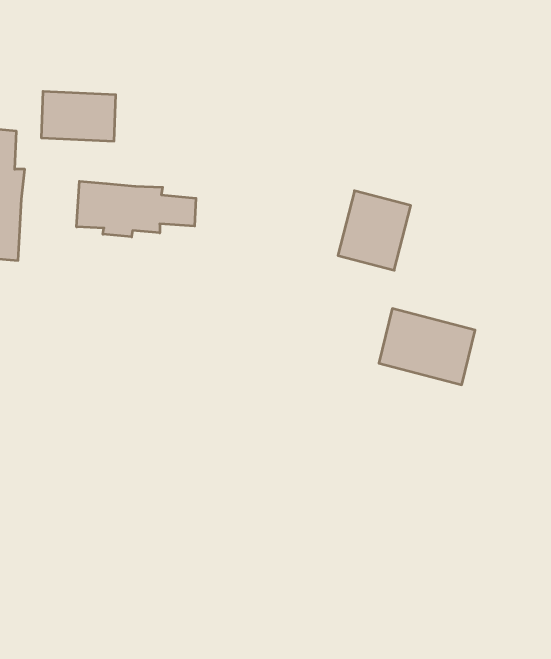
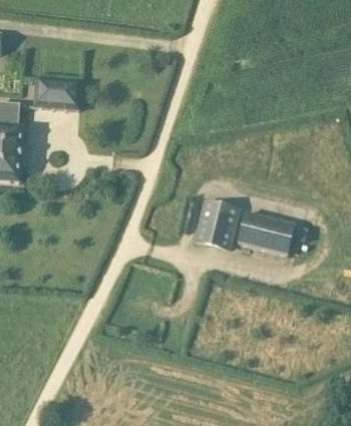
building: [77,181,196,237] -> none
building: [338,191,411,270] -> [189,198,233,247]

